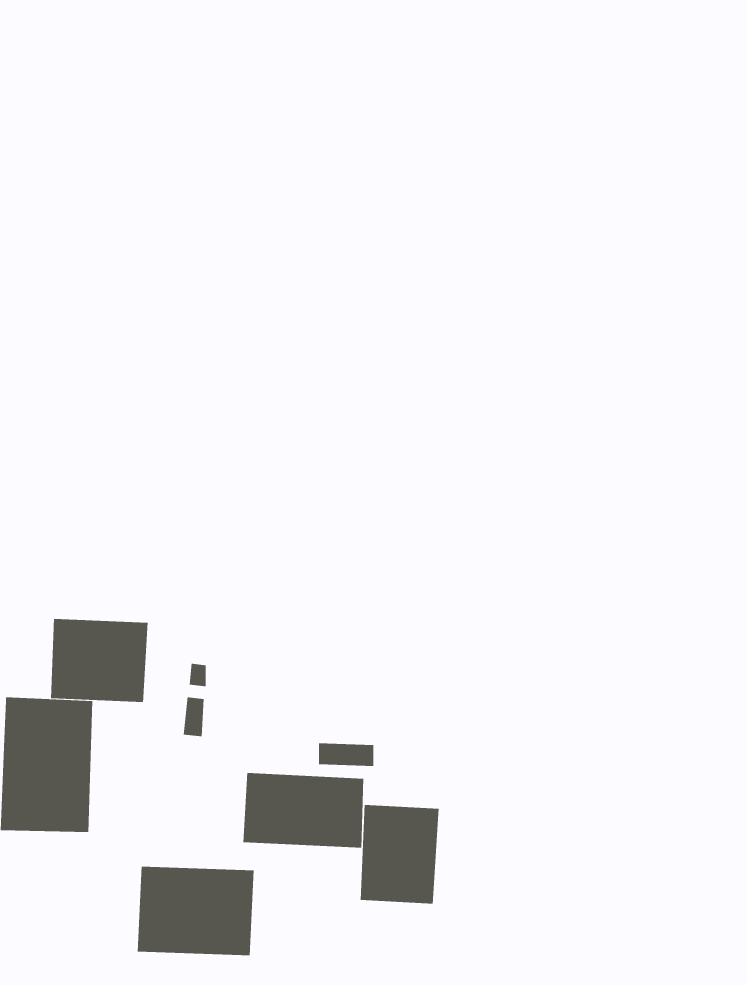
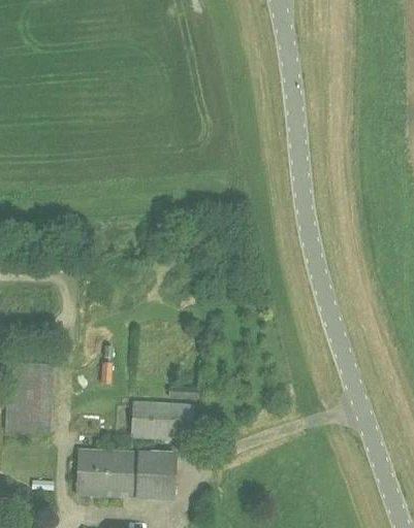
building: [50,618,148,703] -> none
building: [360,805,440,904] -> [135,450,177,501]

